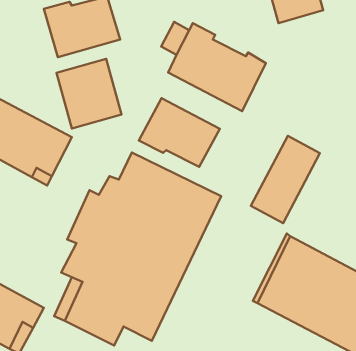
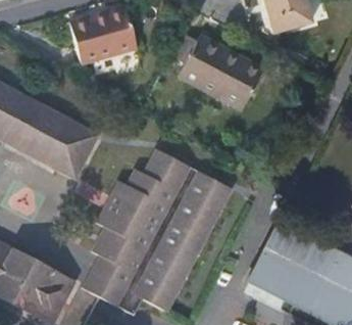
building: [56,59,121,129] -> none
building: [139,98,220,167] -> none
building: [251,136,320,223] -> none

